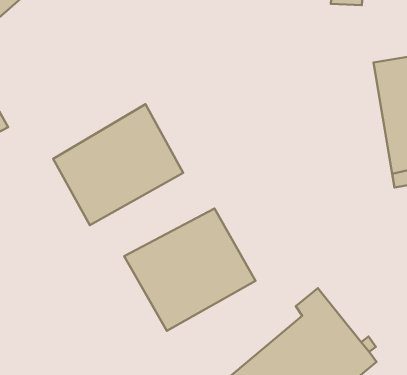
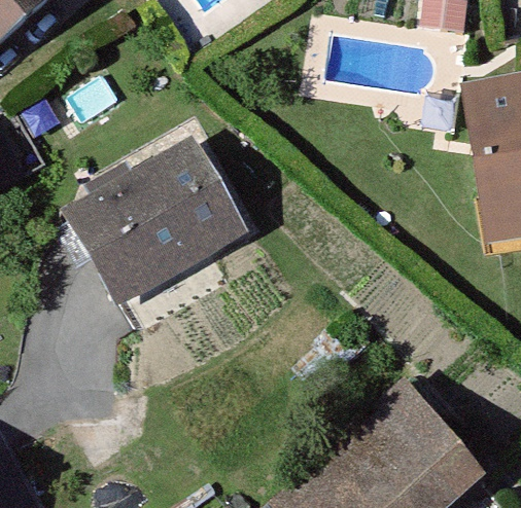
building: [124,209,255,331] -> none

